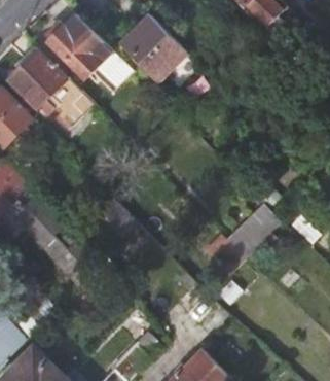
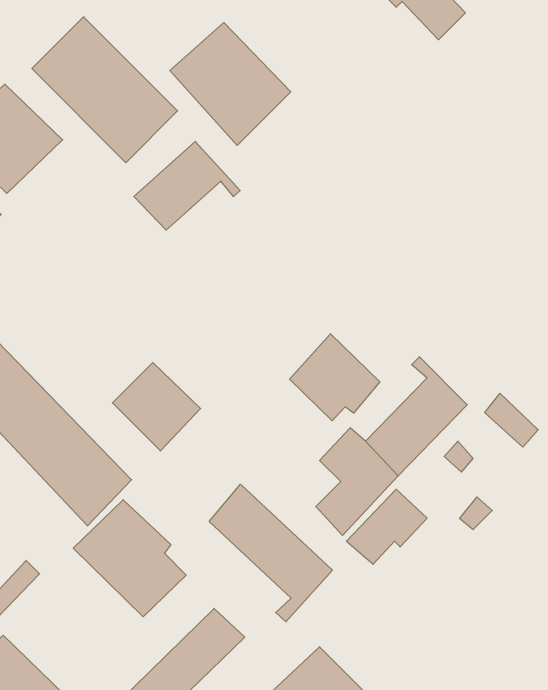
building: none -> [134,141,240,230]
building: none -> [290,334,380,421]
building: none -> [209,484,332,622]
building: none -> [73,500,186,617]

